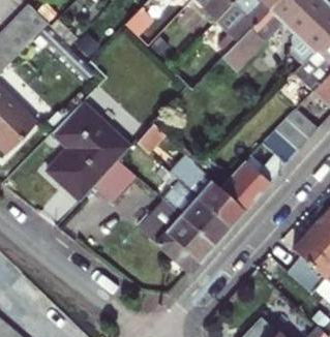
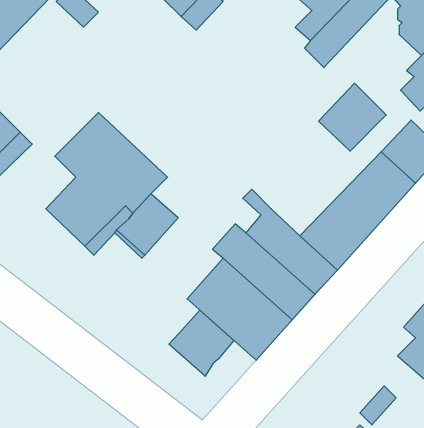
building: none -> [319,83,386,151]
building: none -> [169,310,234,376]

